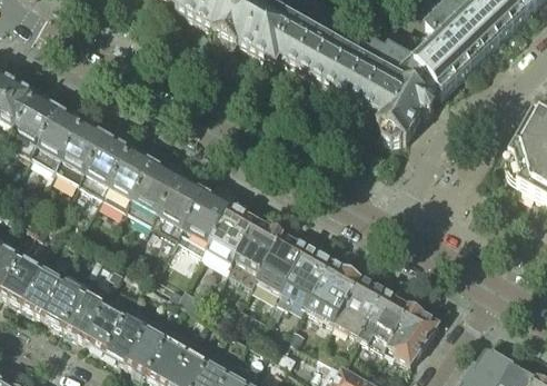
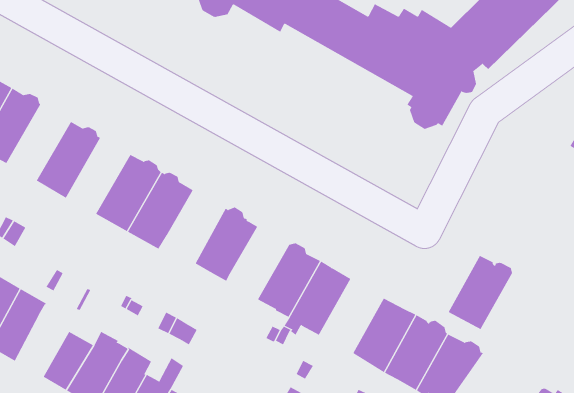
building: [54,120,106,181] -> none
building: [102,147,153,208] -> none
building: [183,189,230,251] -> none
building: [227,217,281,284] -> none
building: [306,260,358,320] -> [448,255,513,330]
building: [61,280,109,339] -> none

